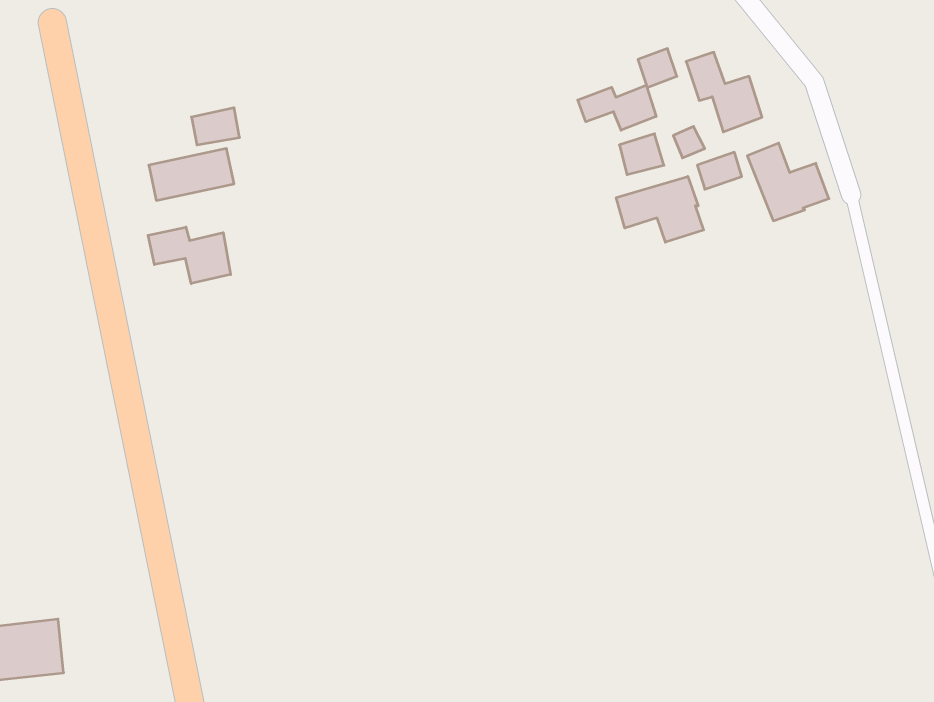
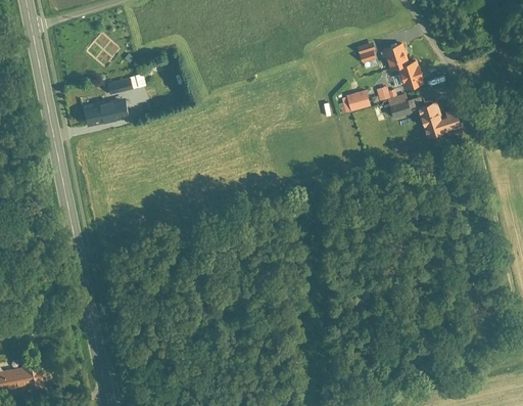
building: [578,85,656,130] -> none
building: [616,176,704,242] -> none
building: [148,227,231,284] -> none

